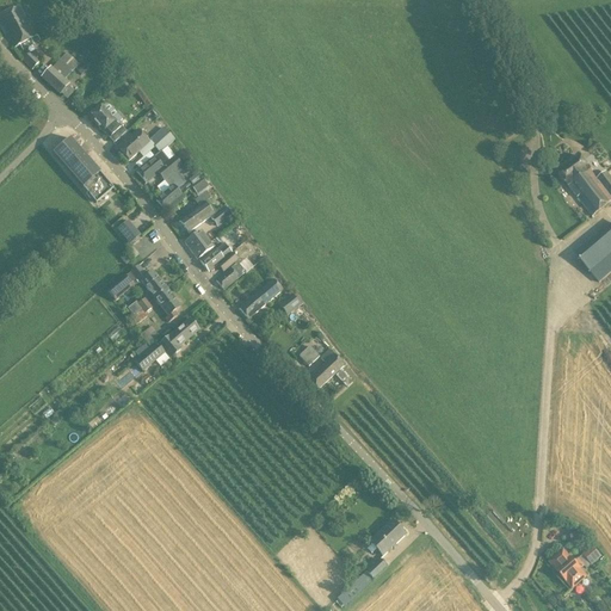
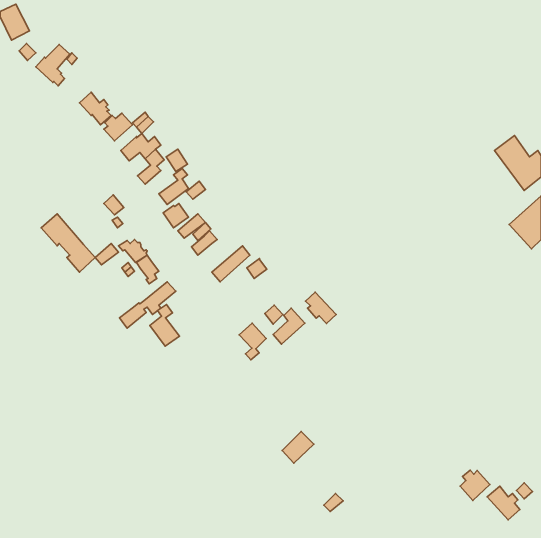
building: [53,136,113,202] -> [41,214,95,272]
building: none -> [306,292,336,323]
building: none -> [150,305,179,346]
building: none -> [239,323,266,360]
building: [369,518,405,554] -> [282,432,314,463]
building: none -> [460,470,490,500]

